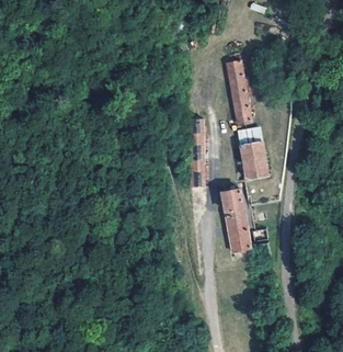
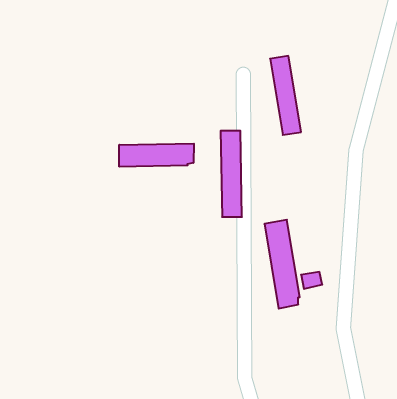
building: none -> [119,144,194,167]
building: [241,140,267,179] -> none

